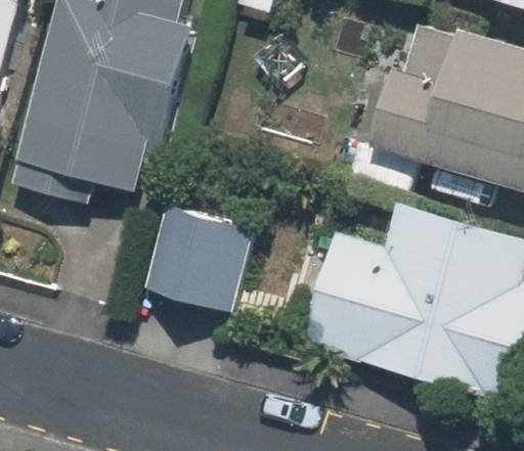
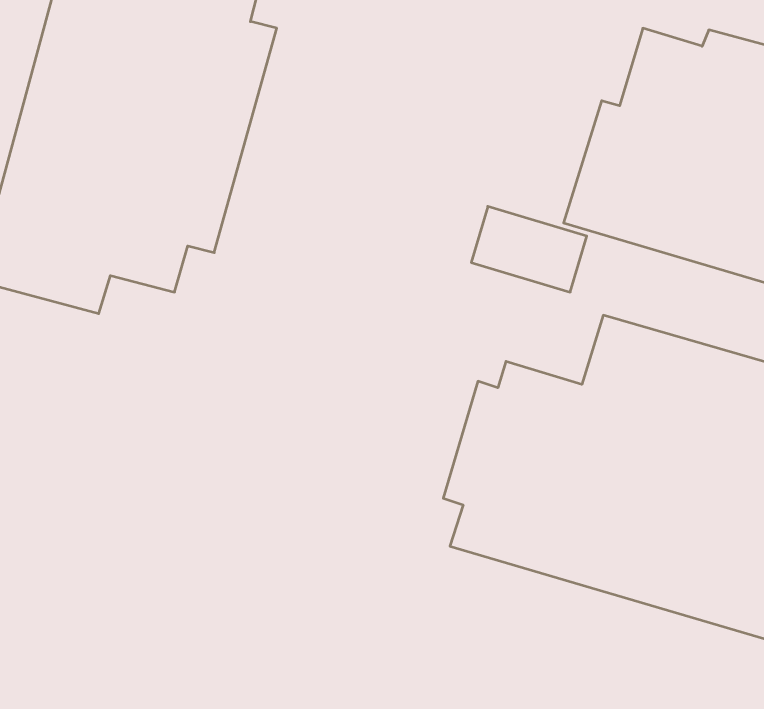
building: [144,198,256,312] -> none

